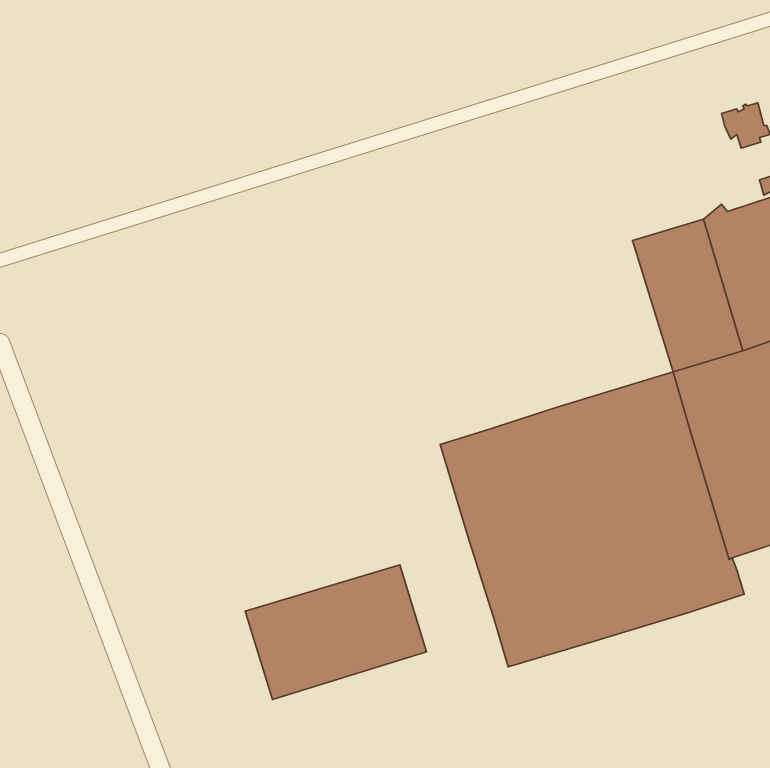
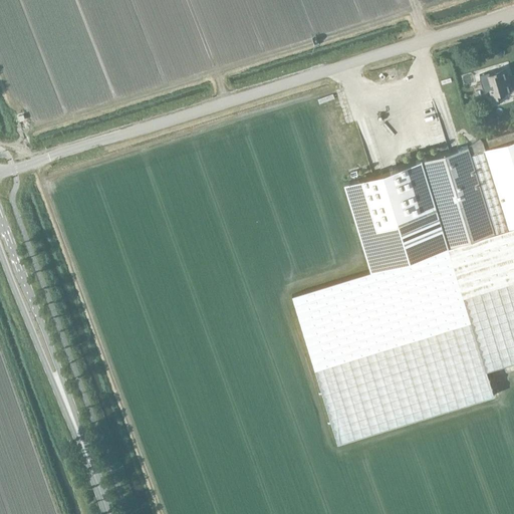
building: none -> [345,163,449,273]
building: [245,565,426,699] -> none

